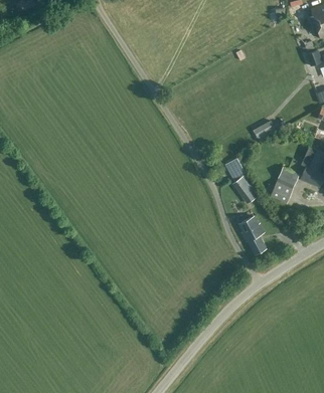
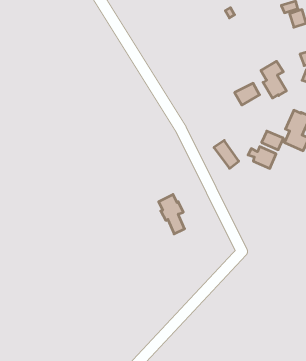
building: none -> [261,61,286,98]
building: [239,215,265,253] -> [159,194,185,234]

